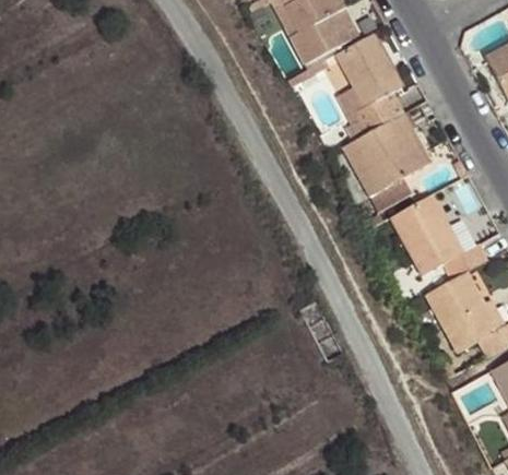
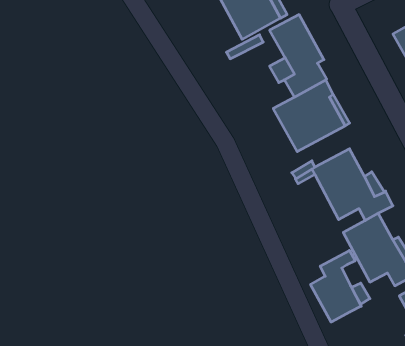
building: none -> [311,250,361,322]

